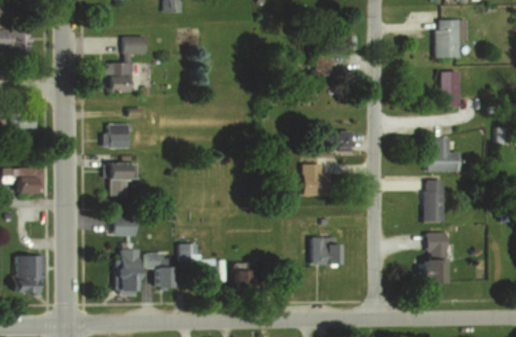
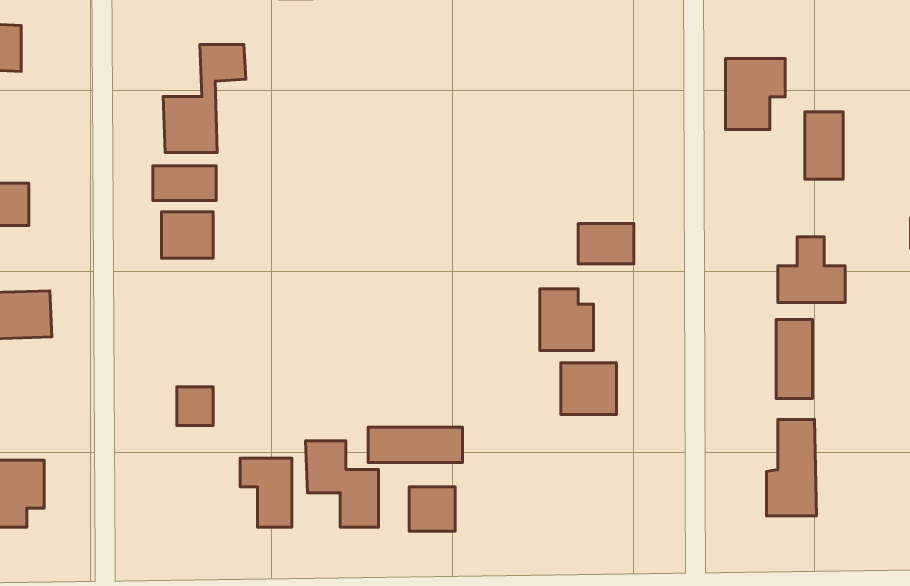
building: [437,20,469,58] -> [725,58,785,130]
building: [106,162,139,181] -> [153,166,216,200]
building: none -> [368,427,462,463]
building: [311,238,341,265] -> [561,363,617,415]
building: [117,249,137,296] -> none

